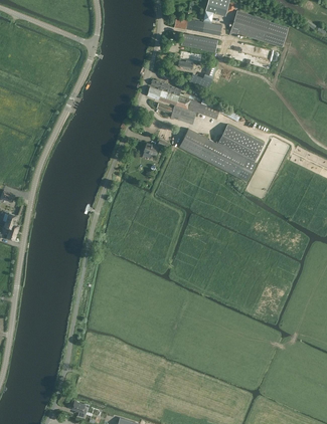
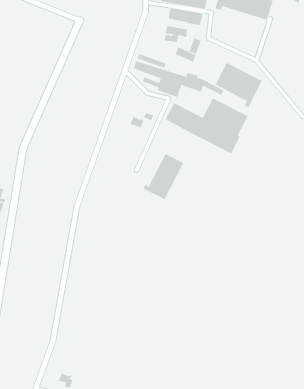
building: none -> [215,62,262,108]
building: none -> [142,153,184,200]

